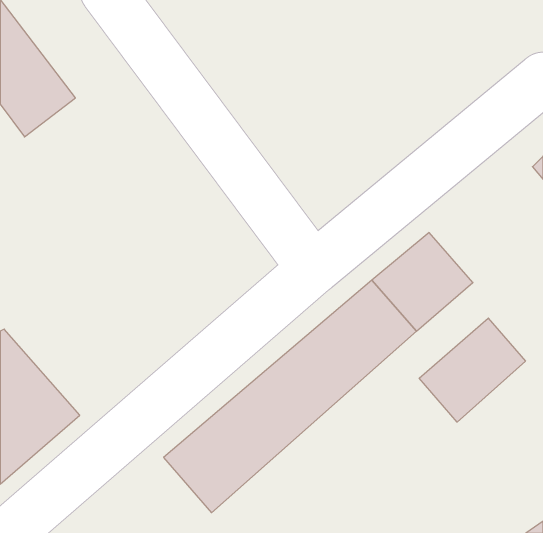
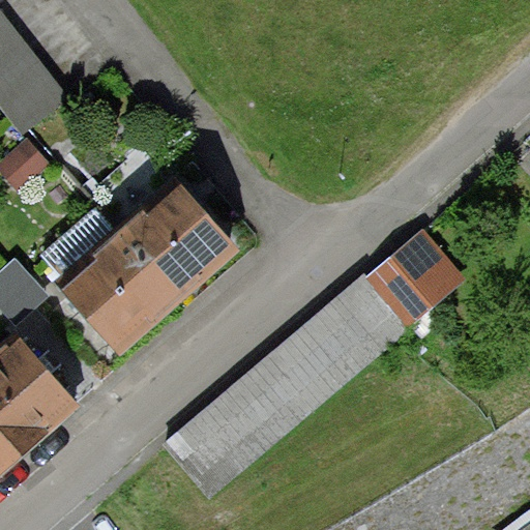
building: none -> [40,181,237,372]
building: [419,318,525,422] -> none

